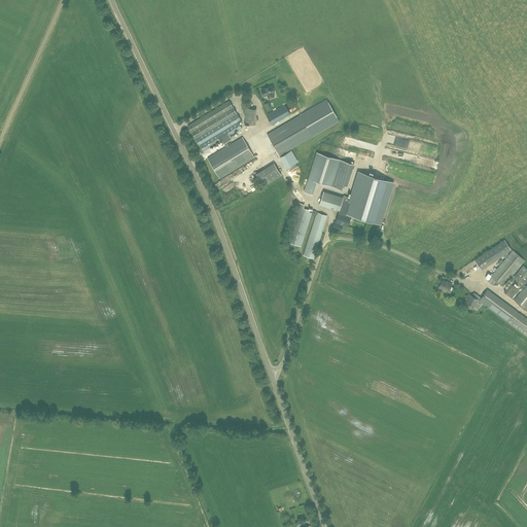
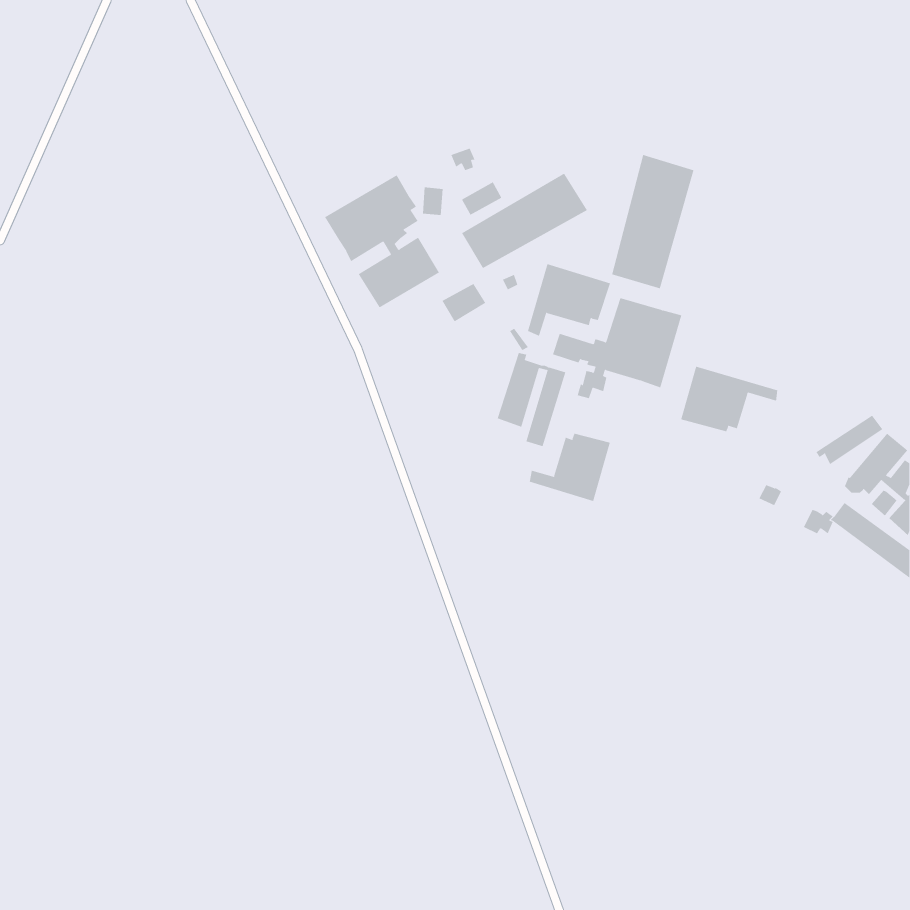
building: none -> [611,154,694,289]
building: none -> [680,366,778,432]
building: none -> [529,433,611,502]

